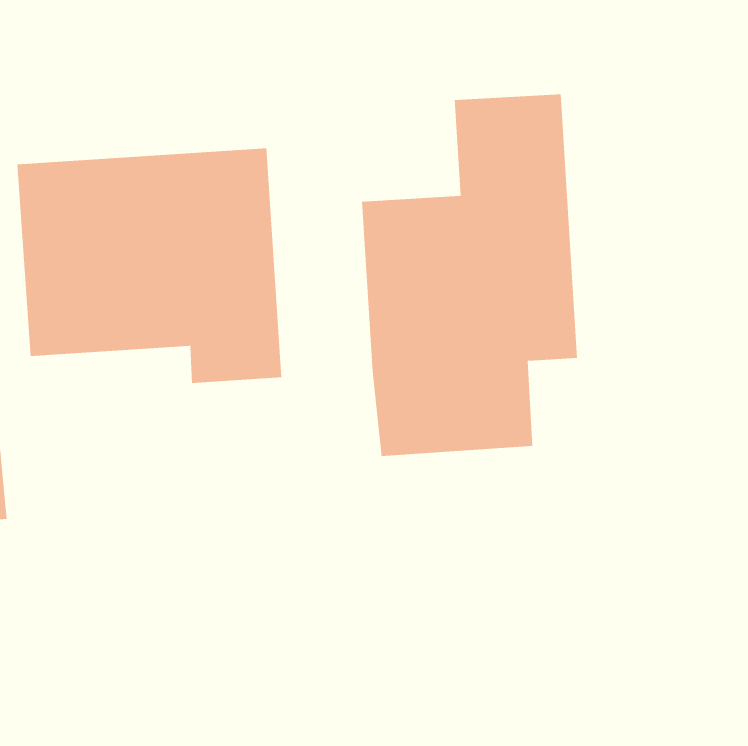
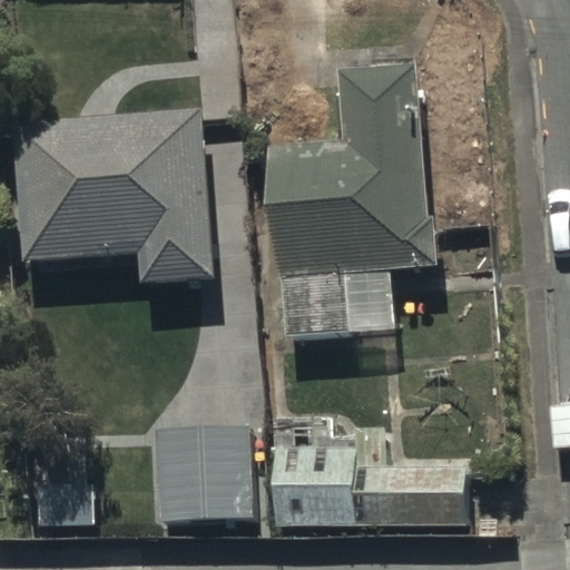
building: none -> [272,415,463,523]
building: none -> [153,423,250,522]

